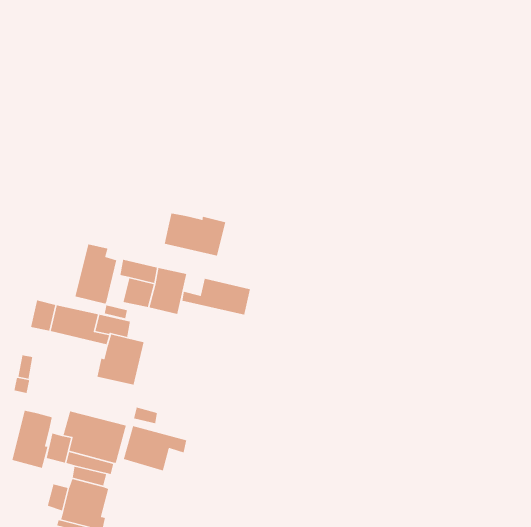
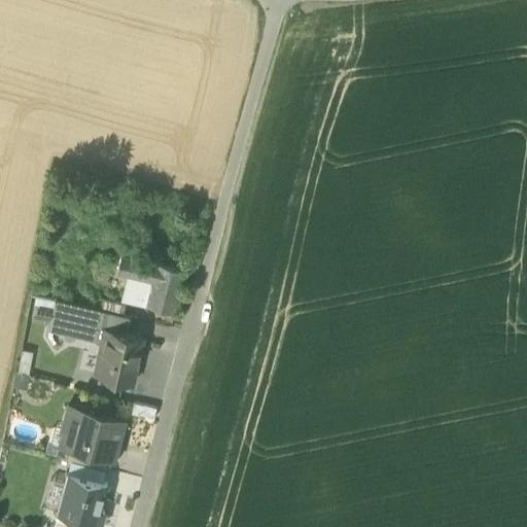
building: [164,212,226,256] -> none
building: [74,244,117,305] -> none
building: [181,278,251,316] -> none
building: [12,410,53,469] -> none
building: [123,425,187,471] -> none

